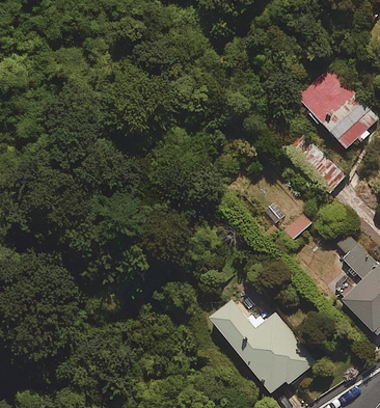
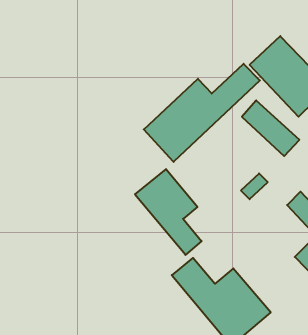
building: none -> [144,64,260,162]
building: none -> [135,169,202,255]

